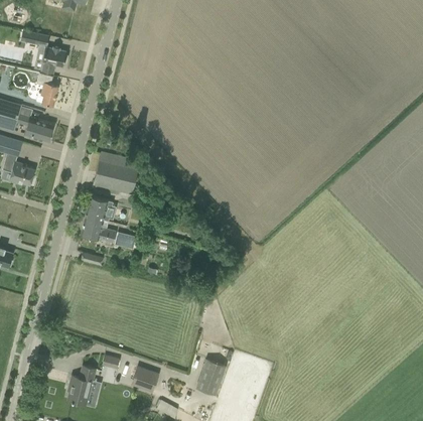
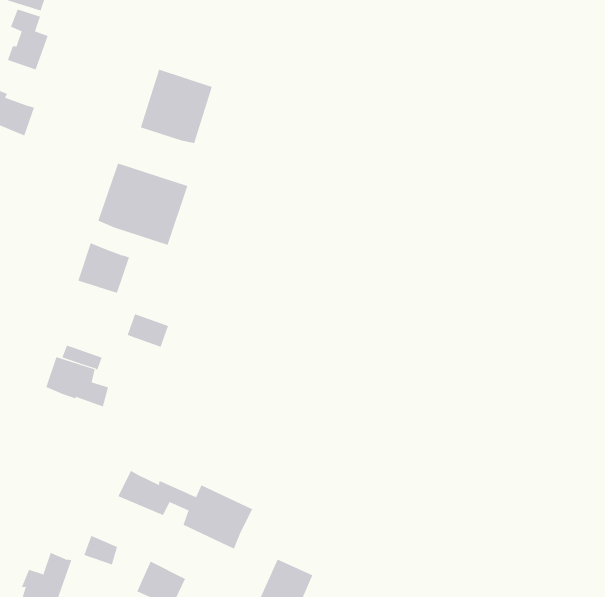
building: none -> [140,69,212,144]
building: [82,218,116,243] -> [46,356,109,407]
building: none -> [117,470,253,550]

